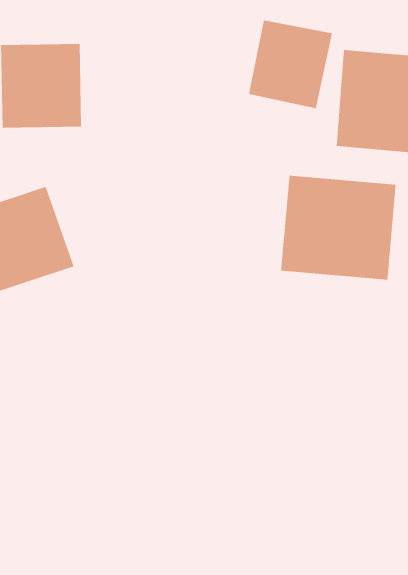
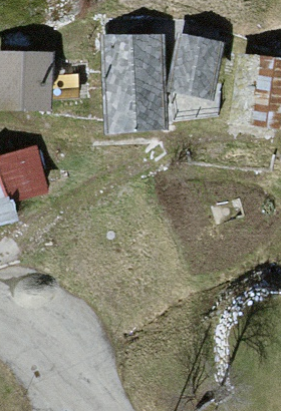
building: none -> [104,32,176,133]
building: [281,175,396,280] -> none

